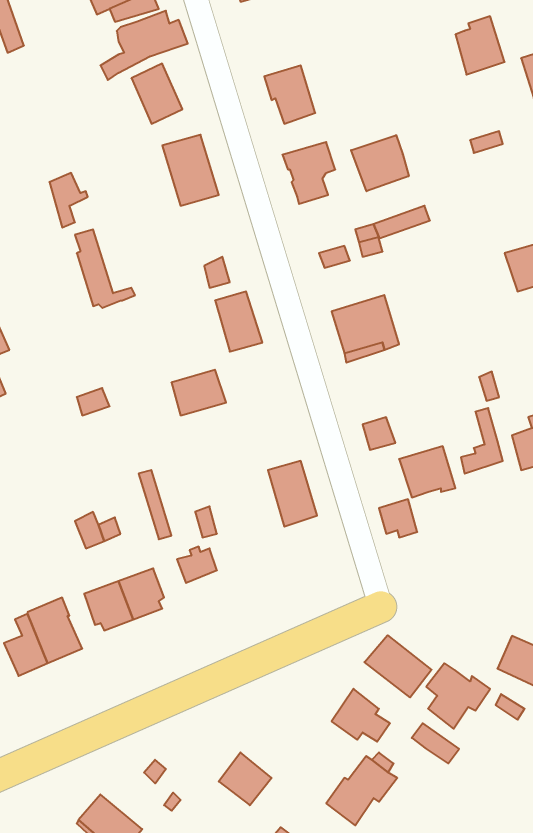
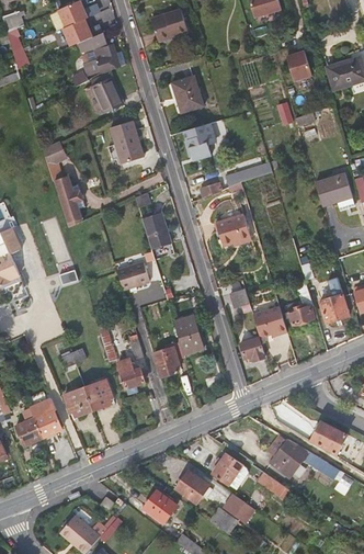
building: [351,135,409,191] -> none
building: none -> [155,346,181,376]
building: [364,635,432,697] -> none
building: none -> [177,470,209,504]

